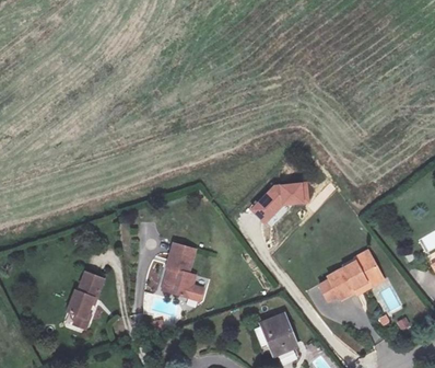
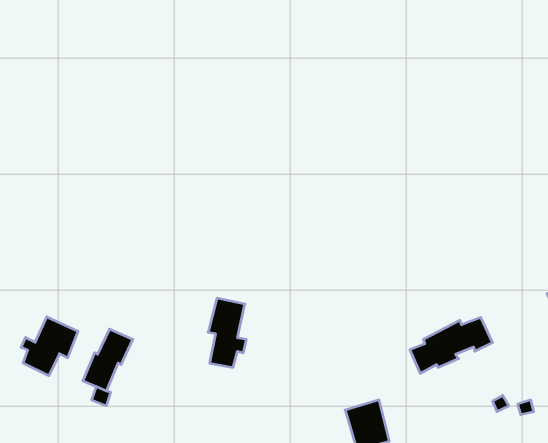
building: [247,183,307,230] -> none
building: none -> [21,317,78,376]

